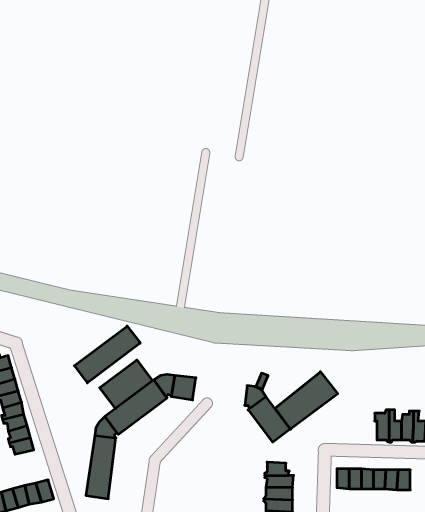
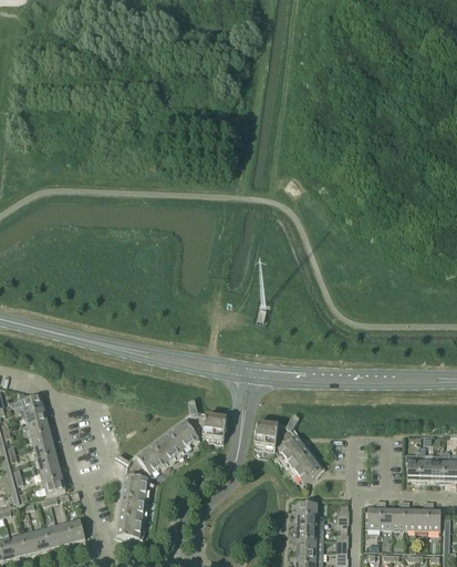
building: [74,326,140,383] -> none
building: [100,360,153,409] -> none
building: [275,372,338,429] -> none
building: none -> [255,421,278,446]

